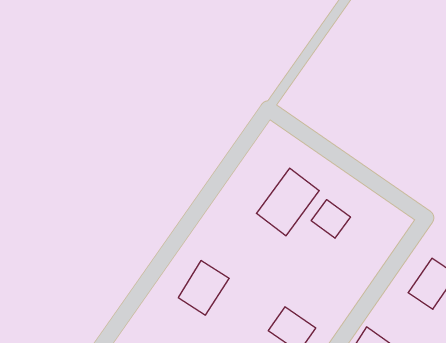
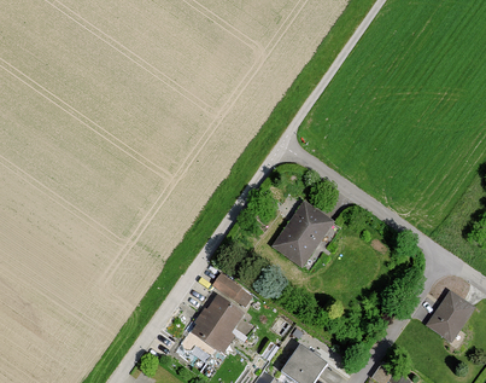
building: [311,200,350,238] -> none
building: none -> [212,272,254,308]

